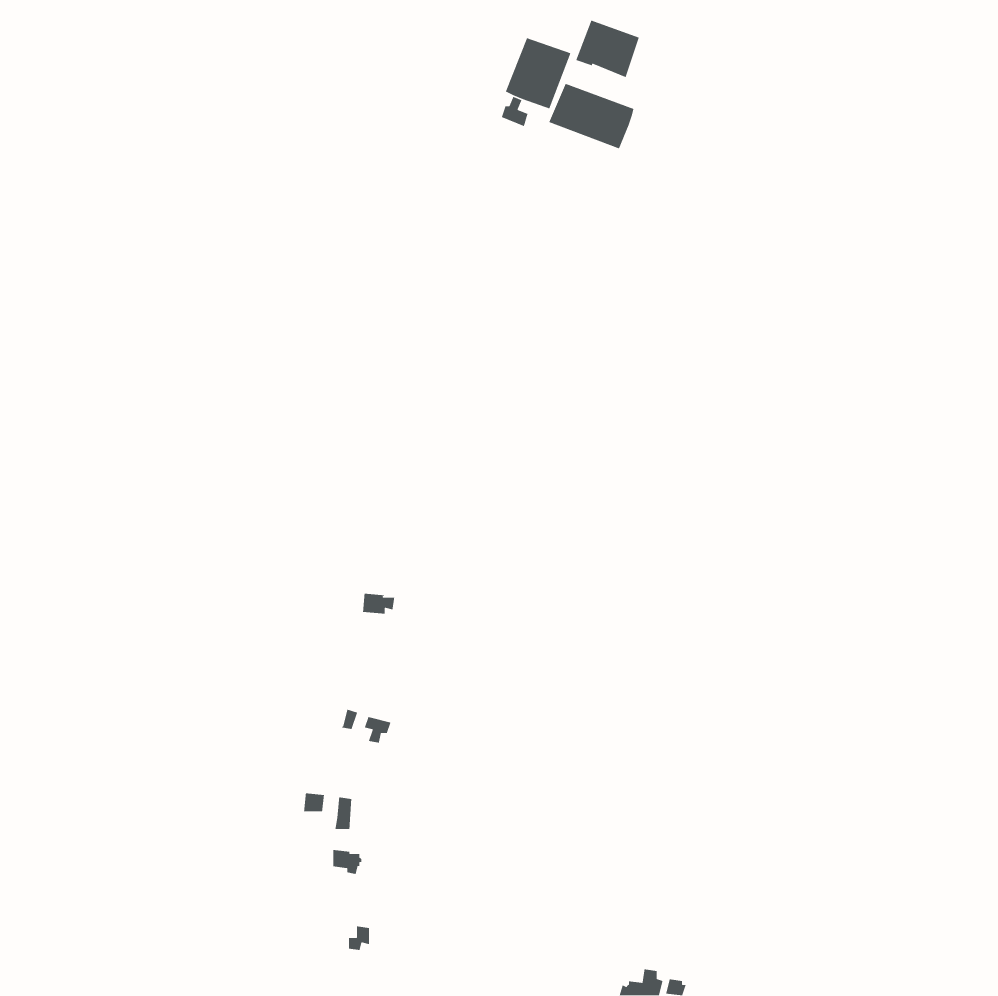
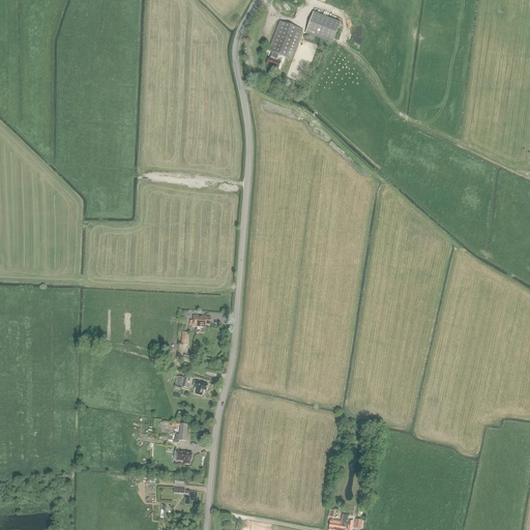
building: [548,83,634,149] -> none

